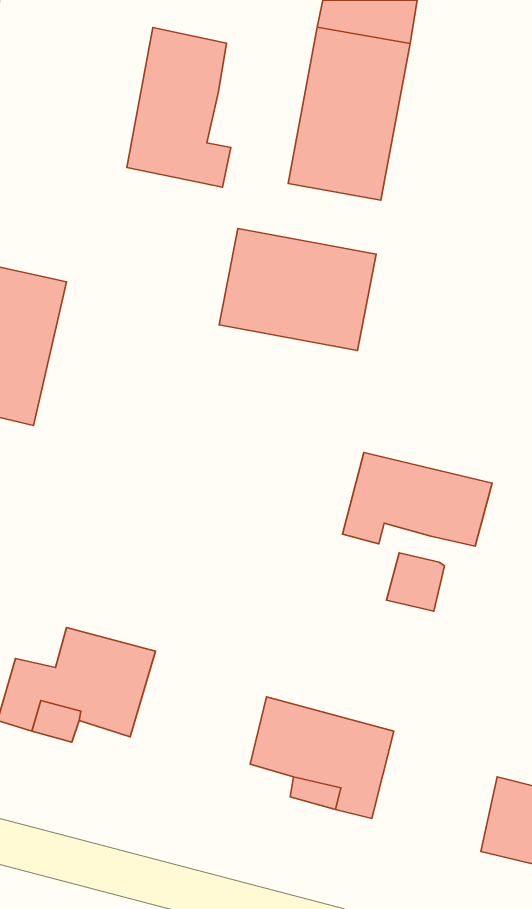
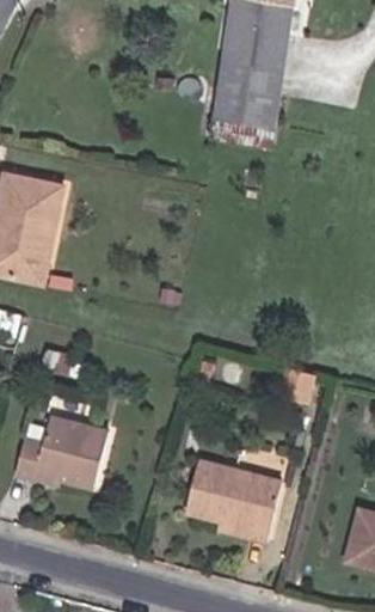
building: [127,27,231,187] -> none
building: [219,228,376,350] -> none
building: [342,452,492,546] -> none

